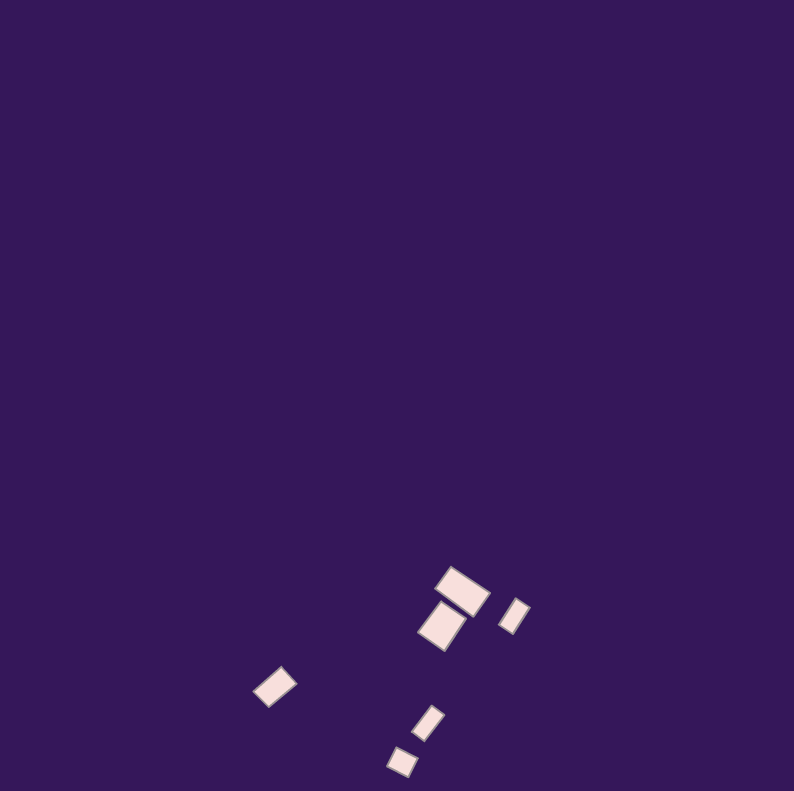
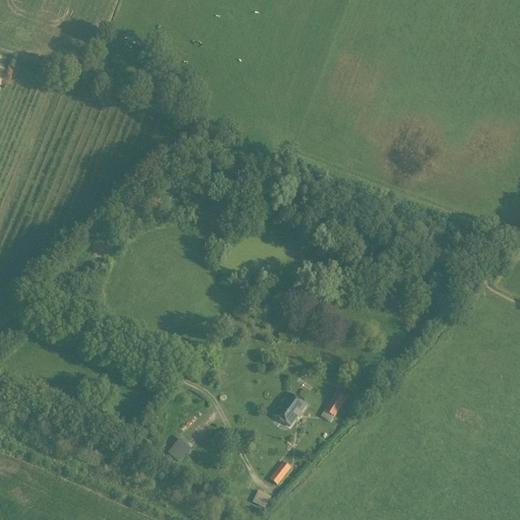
building: [435,567,490,617] -> none

